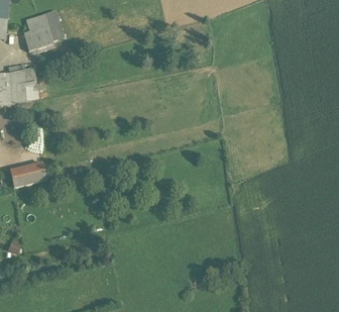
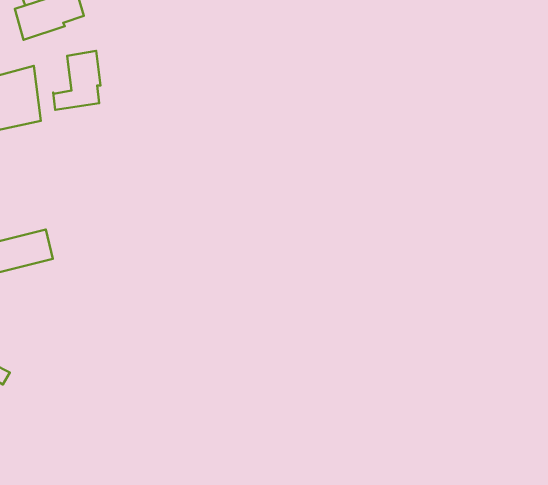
building: none -> [53,51,101,110]

